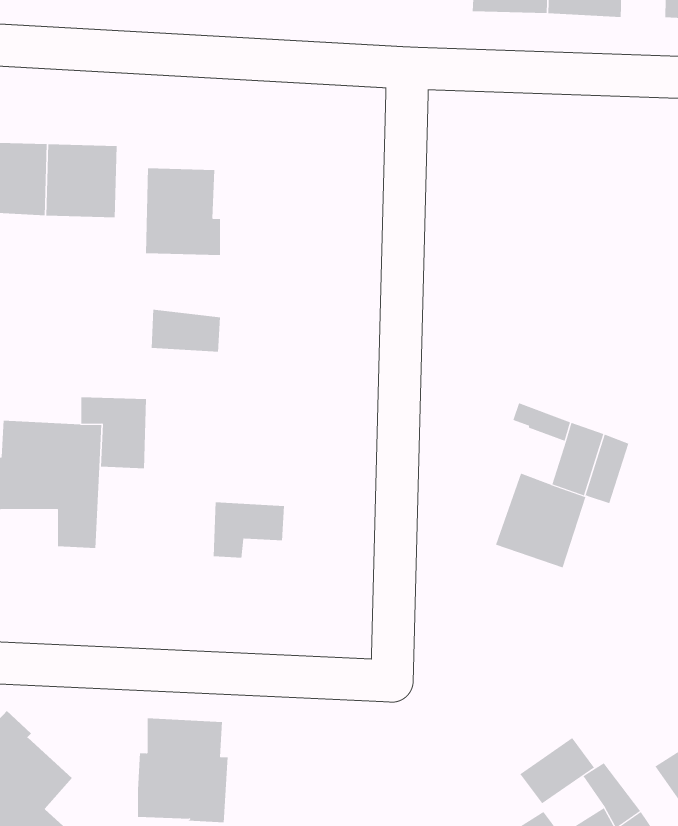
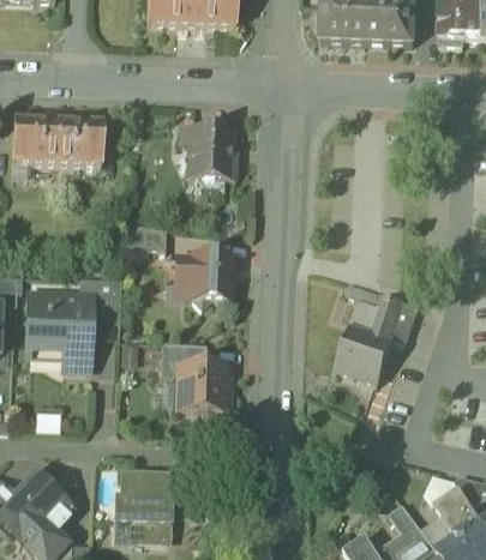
building: [145,168,221,255] -> [188,126,235,180]
building: none -> [173,255,232,308]
building: none -> [178,365,229,413]
building: [519,737,595,804] -> none

